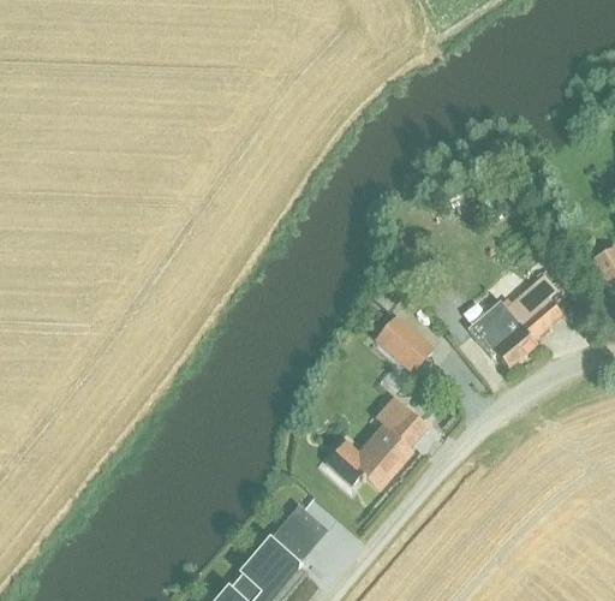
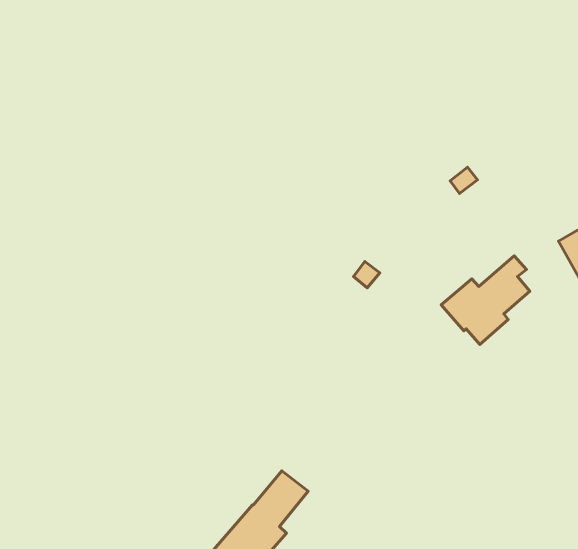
building: [378,316,434,369] -> none
building: [329,404,425,489] -> none

